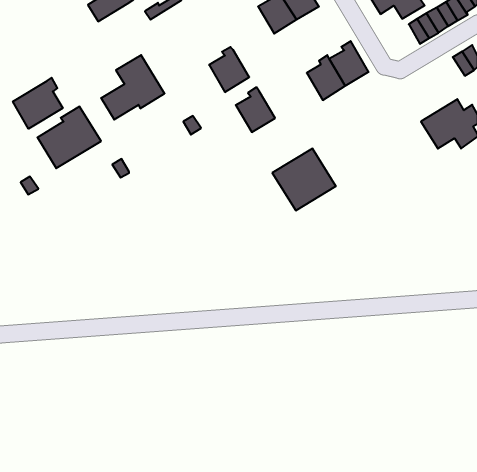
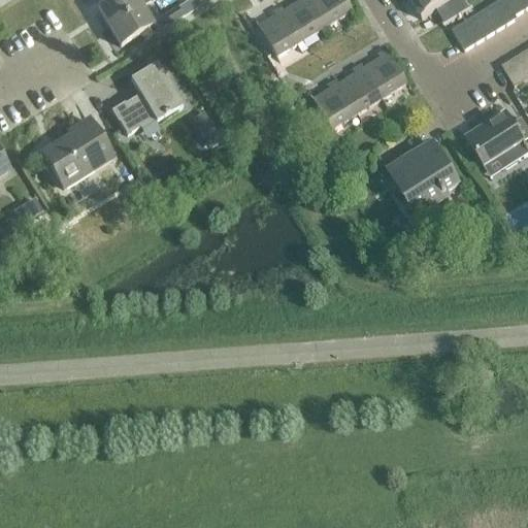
building: none -> [109,4,156,42]
building: [209,47,249,92] -> [259,4,303,54]
building: [13,78,63,129] -> none
building: [236,87,275,132] -> [314,76,357,126]
building: [272,149,336,210] -> [388,140,458,208]

